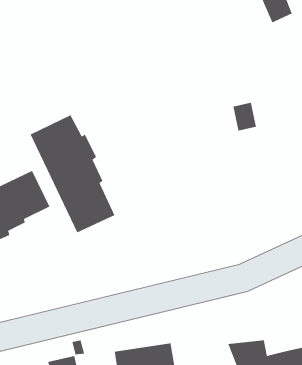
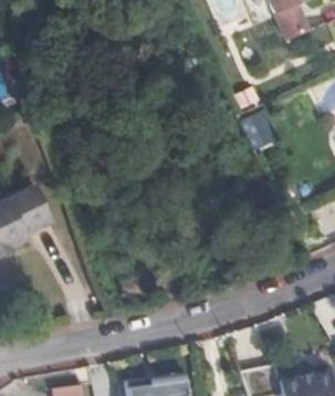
building: [29,114,115,234] -> none

